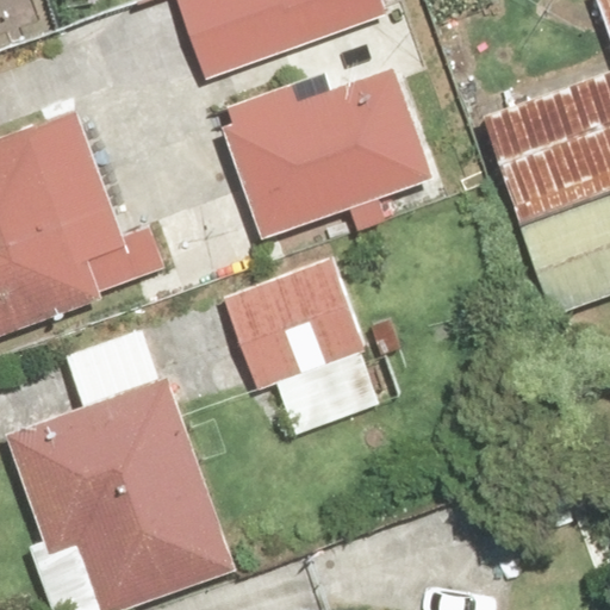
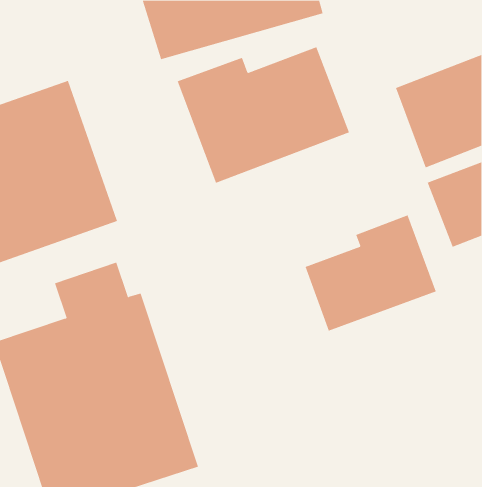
building: [213,259,371,440] -> none
building: none -> [305,215,436,332]

